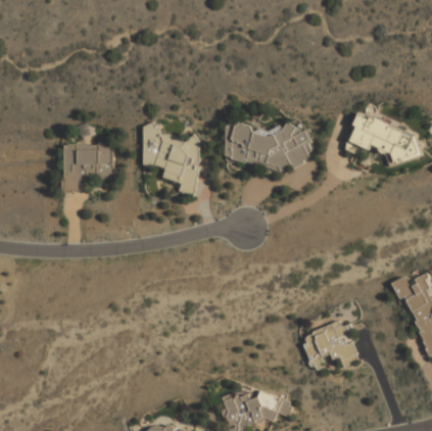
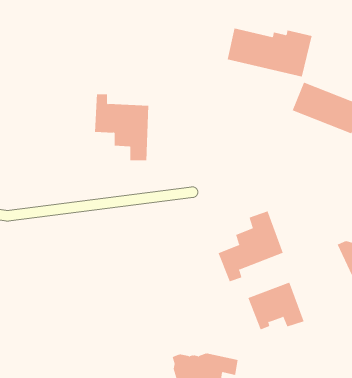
building: [223,124,311,175] -> [227,28,312,77]
building: [62,143,114,191] -> none
building: none -> [218,211,284,282]

